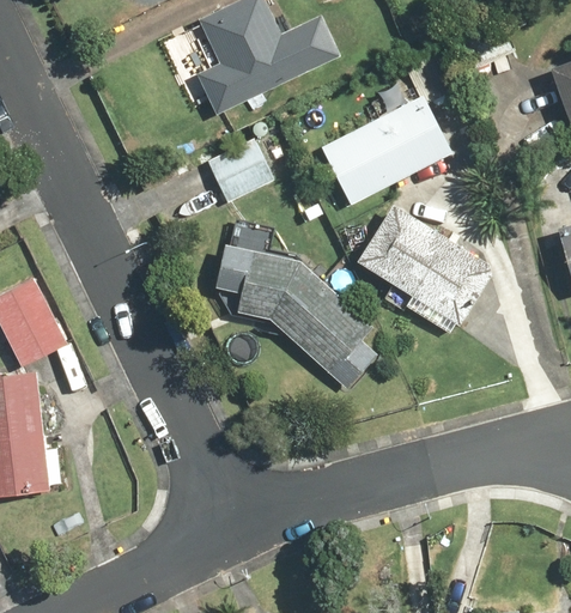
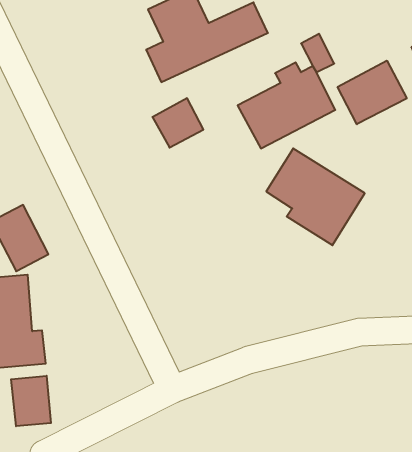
building: none -> [338,61,407,124]
building: [215,239,378,392] -> none
building: none -> [11,376,51,426]

